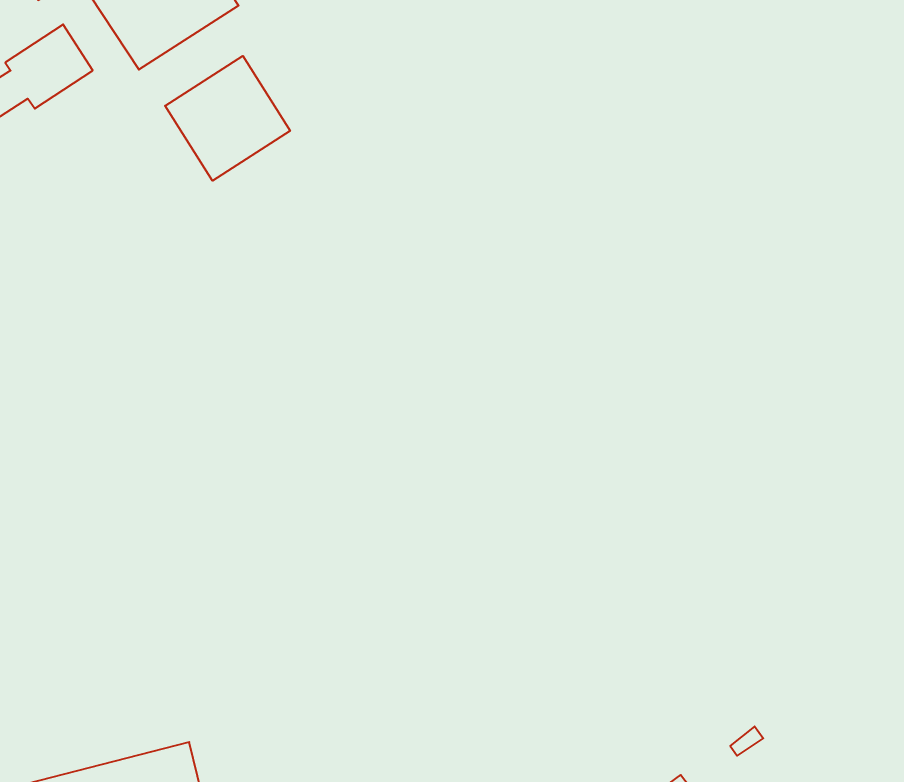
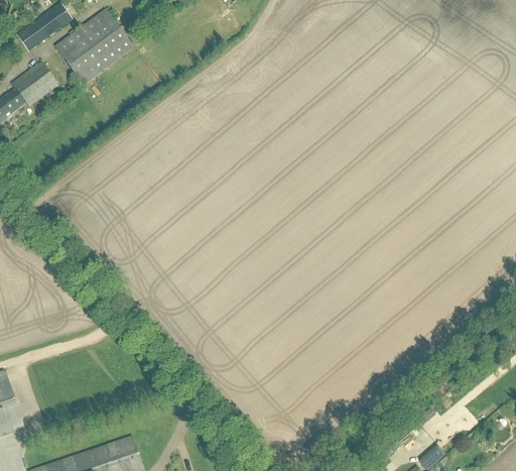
building: [165,56,290,181] -> none

